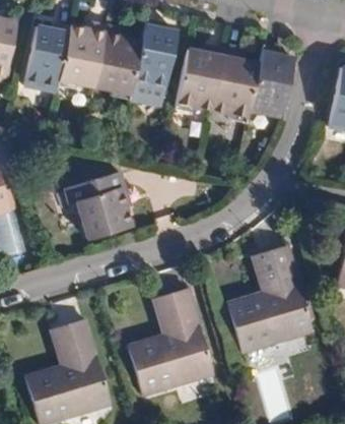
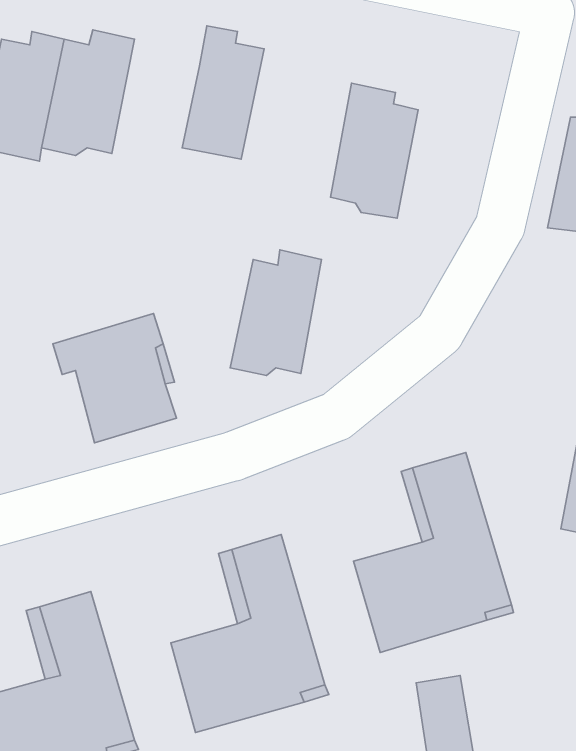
building: [96,25,143,98] -> none
building: [176,44,224,111] -> [230,250,322,376]
building: [251,44,294,116] -> none

